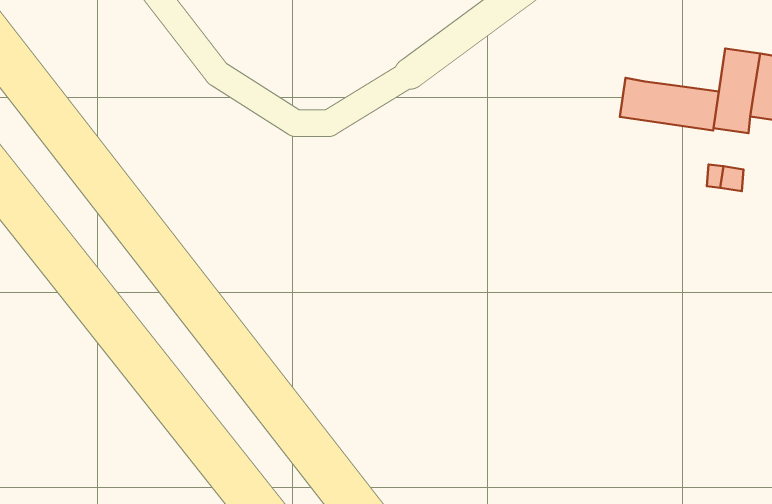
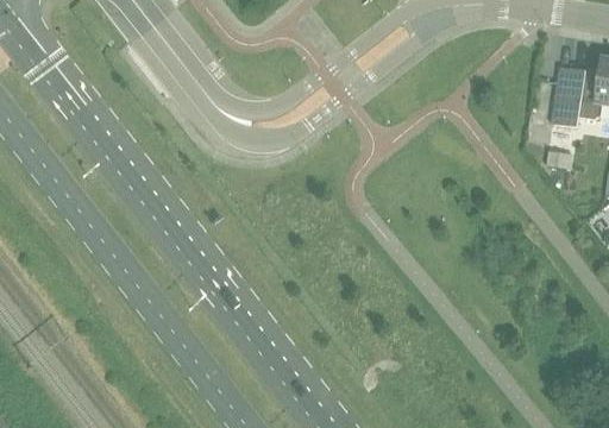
building: [620,78,719,130] -> none

